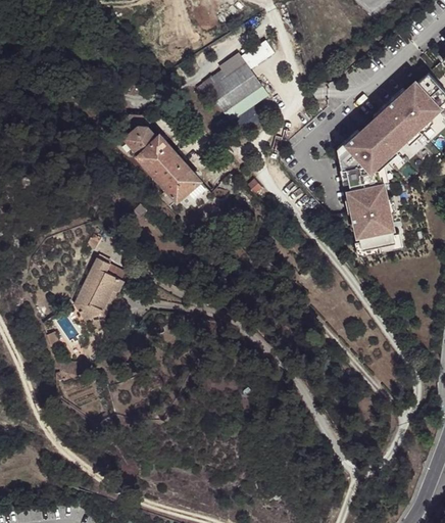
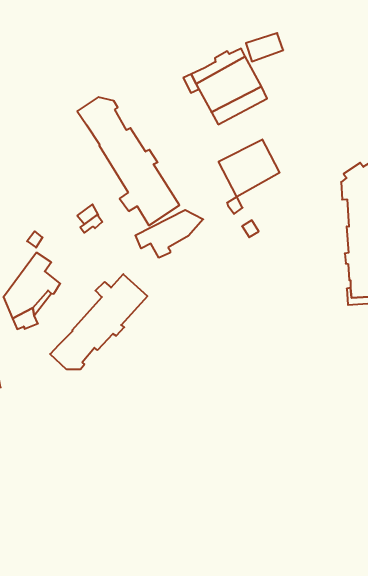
building: none -> [219,139,280,197]
building: none -> [135,210,203,258]
building: none -> [50,274,147,369]

